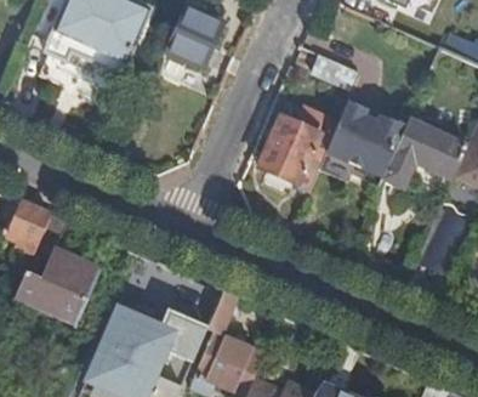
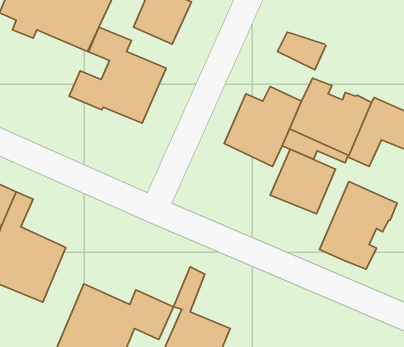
building: none -> [69,27,166,123]
building: none -> [270,149,336,214]
building: none -> [320,182,397,269]

